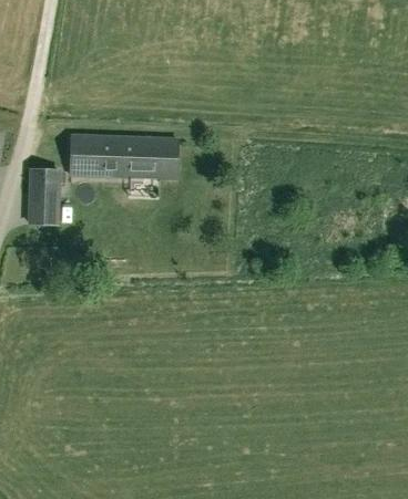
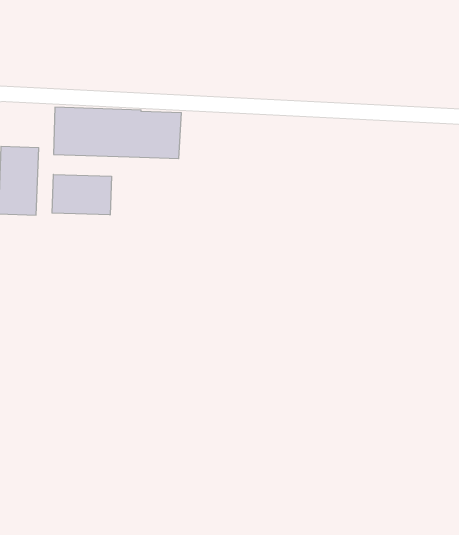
building: none -> [52,174,111,215]

